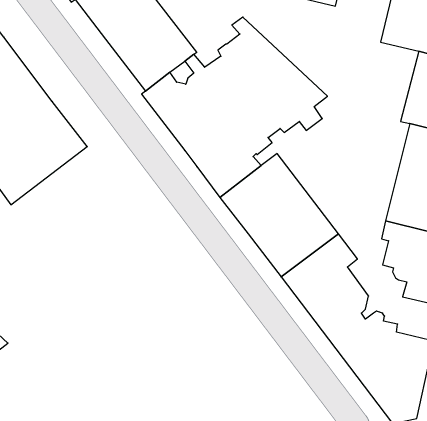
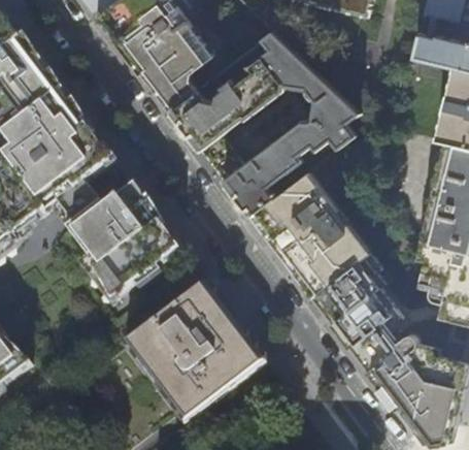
building: none -> [65,185,179,303]
building: none -> [124,282,264,422]

